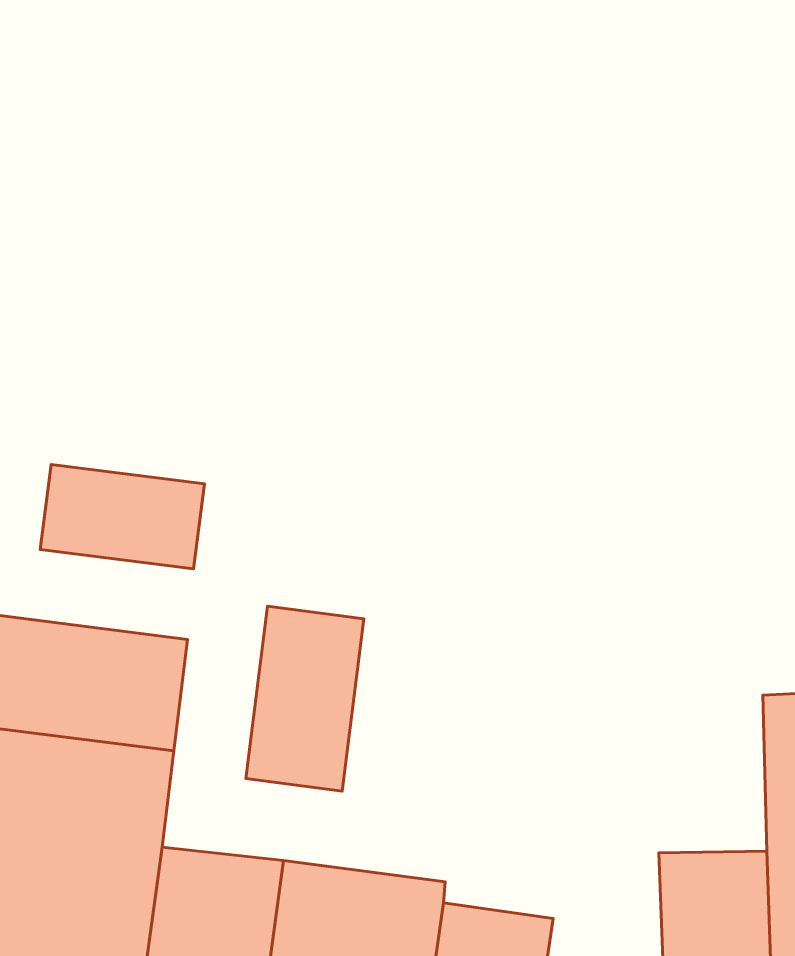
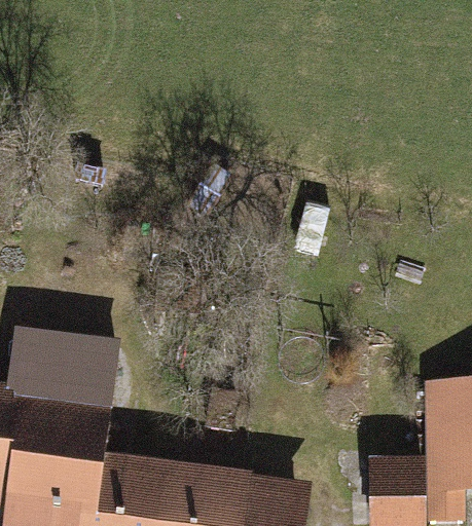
building: [40,465,205,569] -> none
building: [246,606,364,791] -> none

